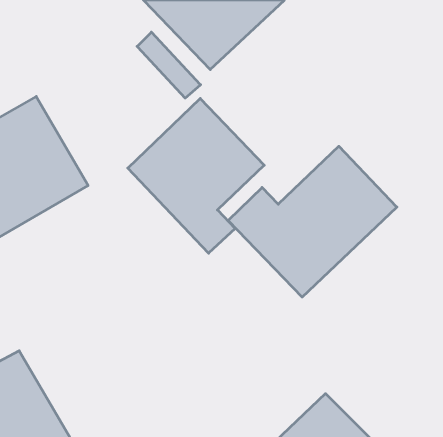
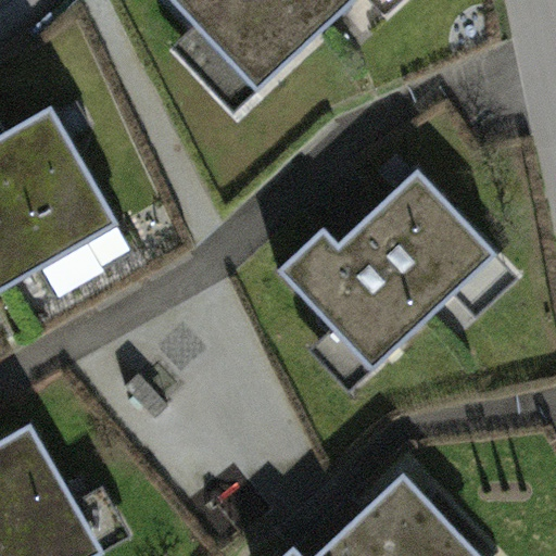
building: [128,98,264,253] -> none

